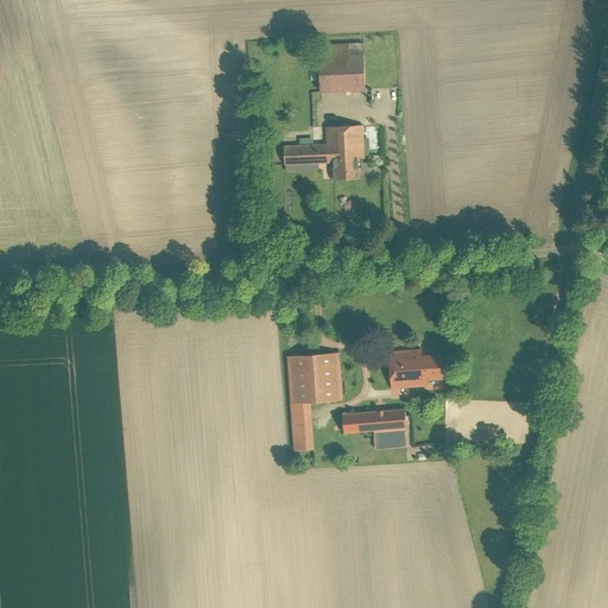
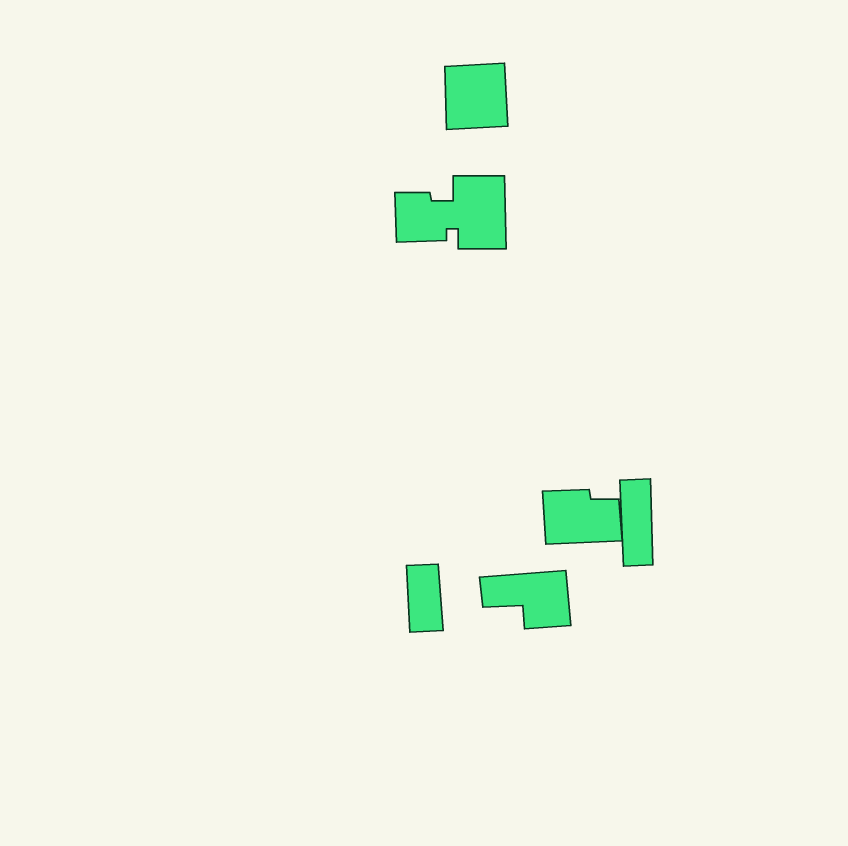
building: none -> [620,479,653,566]
building: [287,353,343,405] -> none

